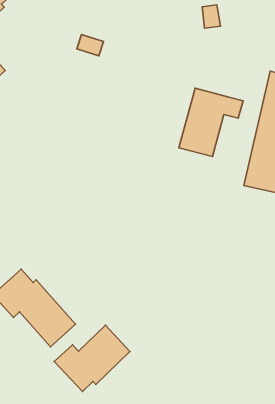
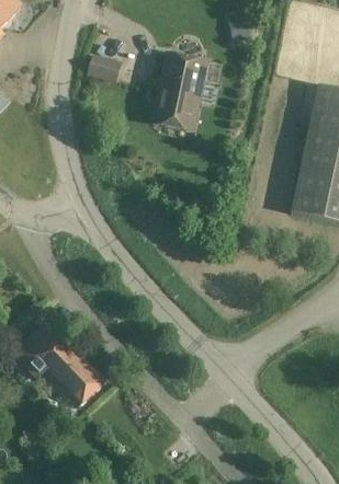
building: [179,88,243,157] -> [155,54,224,129]
building: [54,325,130,391] -> none

